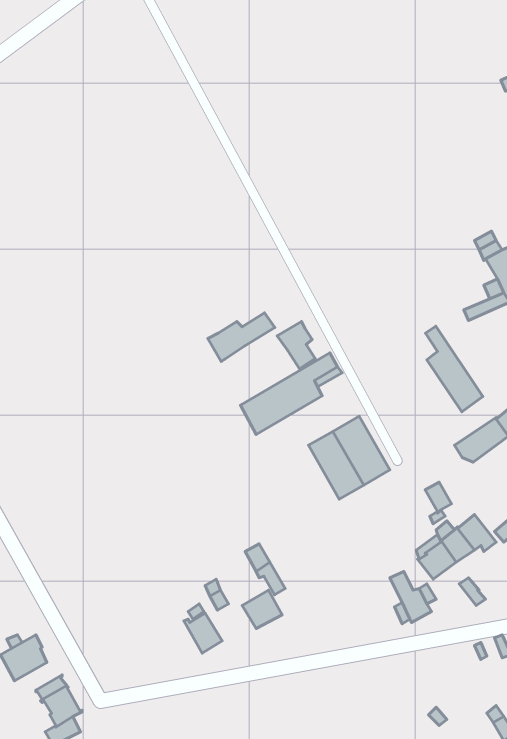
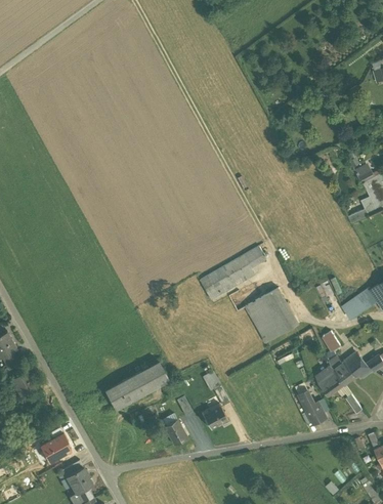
building: [208,313,275,362] -> none
building: [277,322,315,369] -> none
building: [426,326,483,412] -> none
building: none -> [104,362,168,409]

